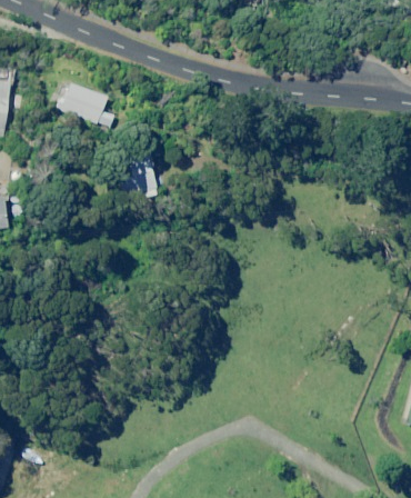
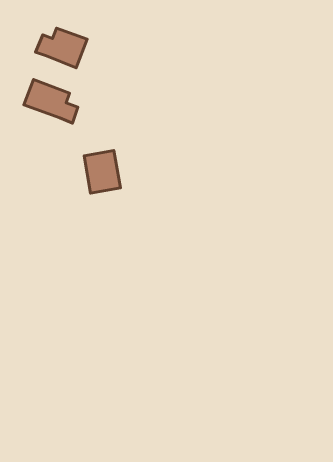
building: none -> [36,28,87,68]

